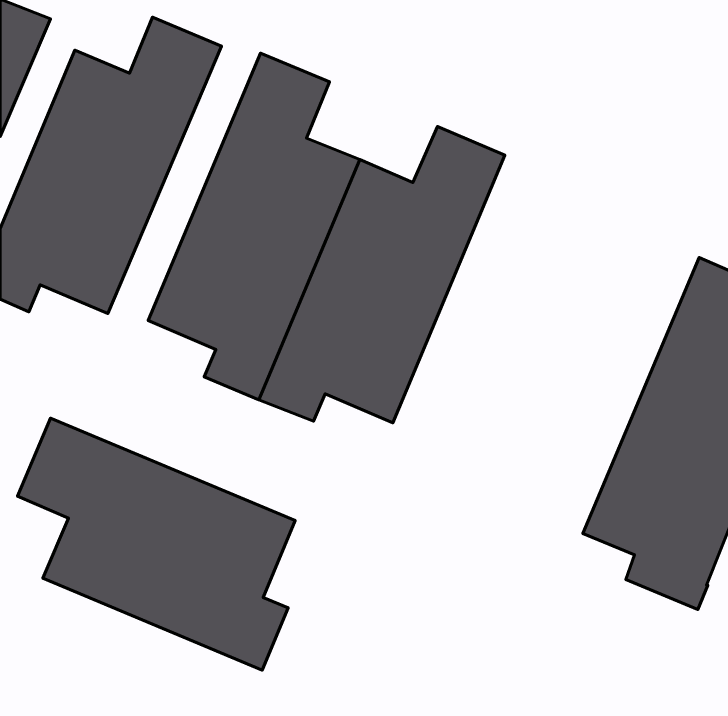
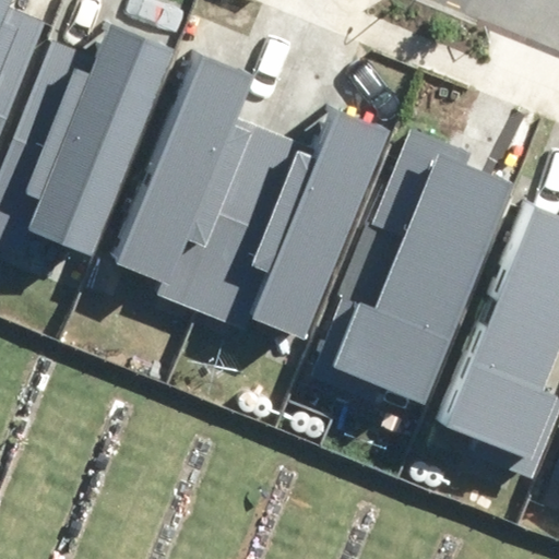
building: none -> [322,170,510,395]
building: [18,418,295,670] -> none

